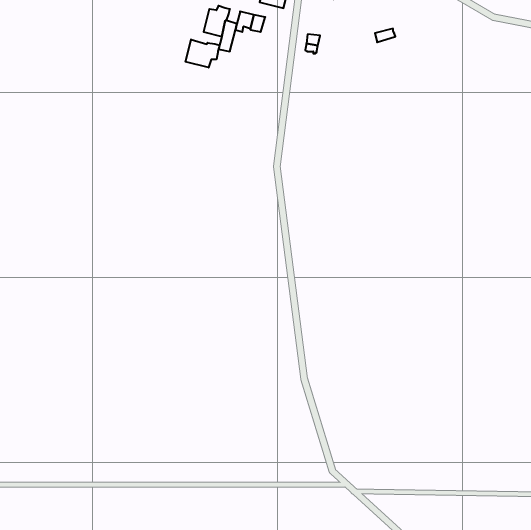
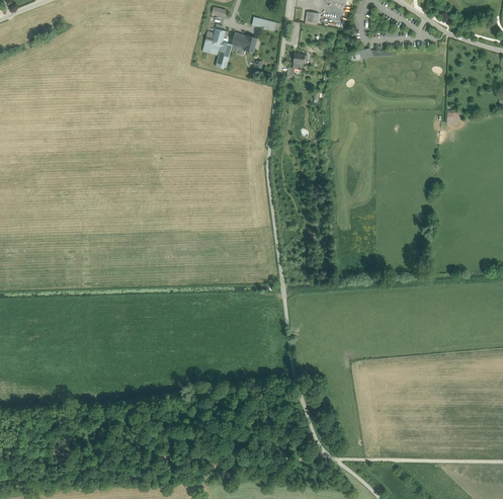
building: [185,39,219,68] -> none

